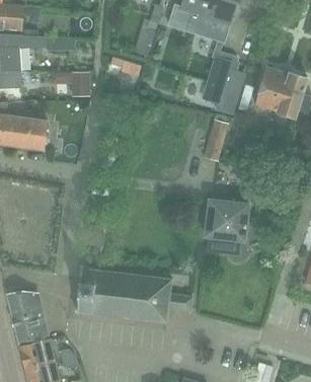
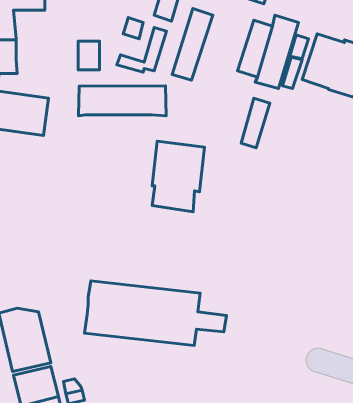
building: none -> [172,9,213,80]
building: none -> [78,86,166,116]
building: [206,199,248,256] -> [152,141,204,212]

